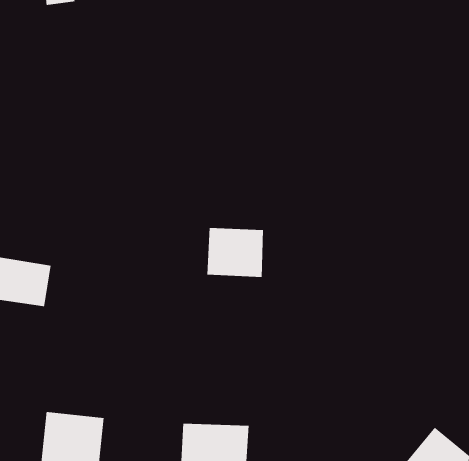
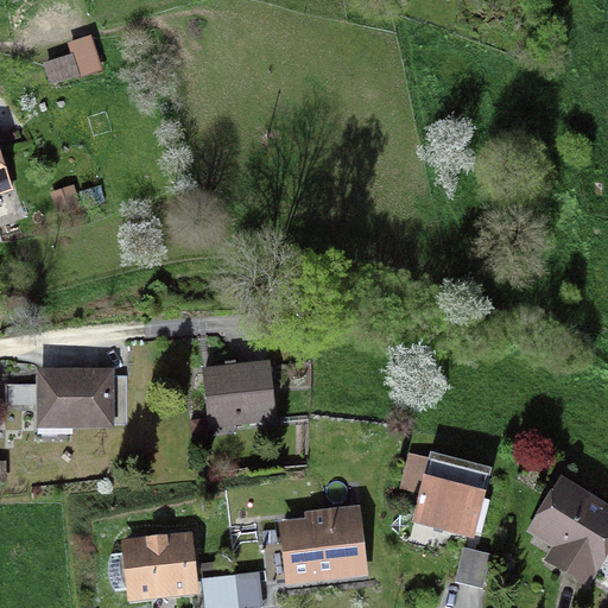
building: [207,227,264,278] -> [203,362,272,423]
building: none -> [418,458,487,531]

